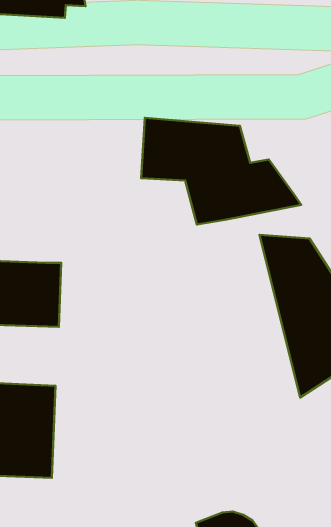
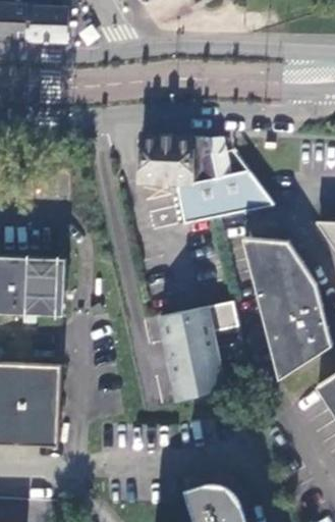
building: none -> [160,303,240,402]

